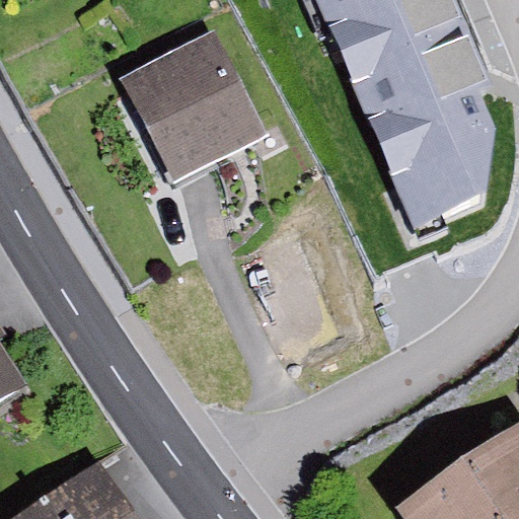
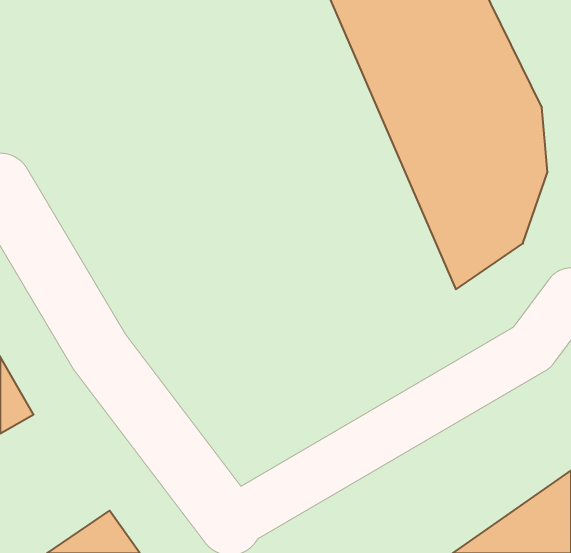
building: [125,35,260,174] -> none

